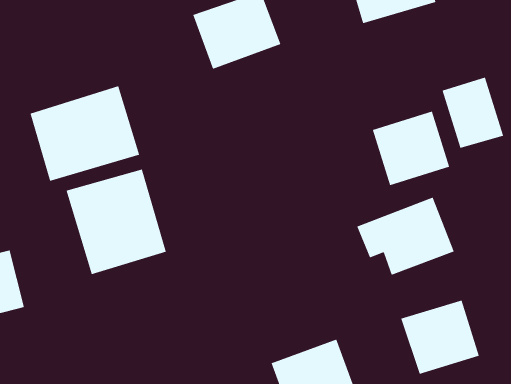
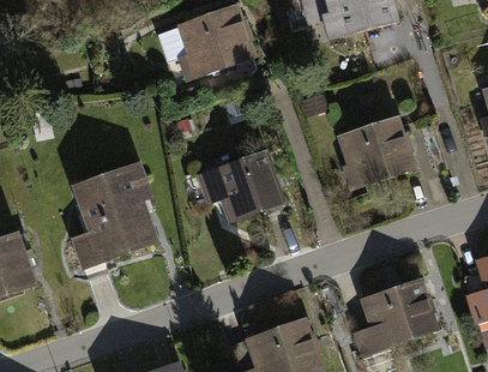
building: [442,77,504,149] -> none
building: [29,85,140,182] -> none
building: [356,196,455,276] -> [193,144,281,215]

